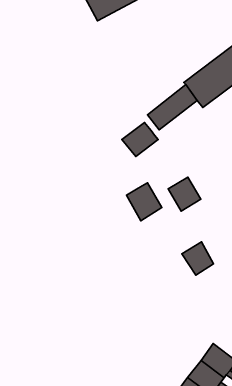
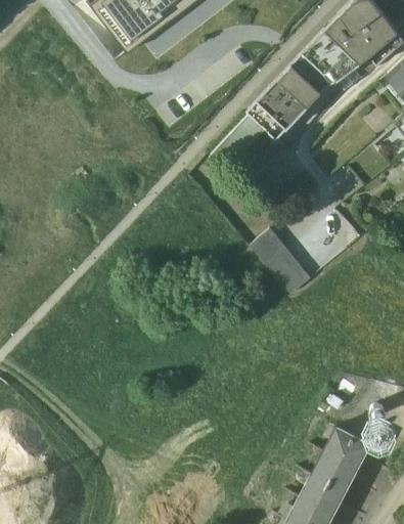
building: [122,122,158,157] -> none
building: [127,183,162,221] -> none
building: [182,242,214,275] -> [271,252,312,294]

